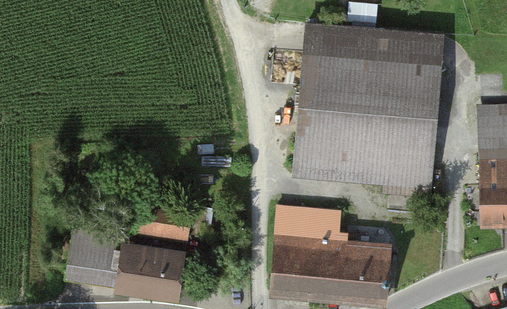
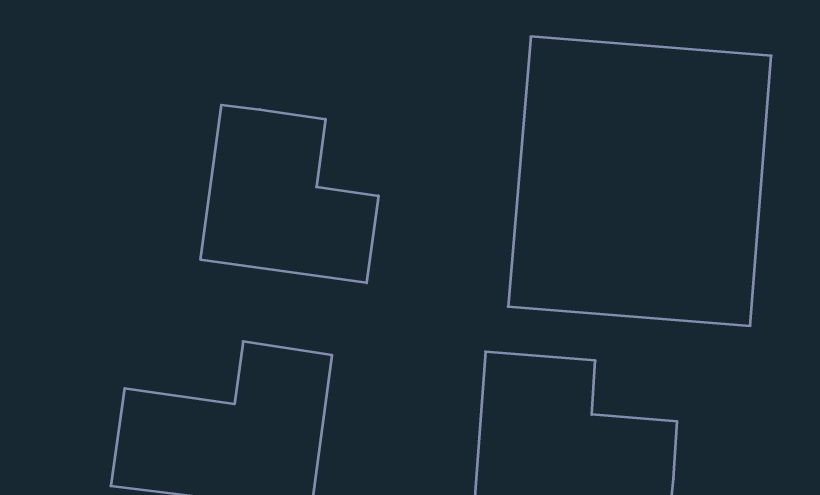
building: none -> [201,105,378,283]

